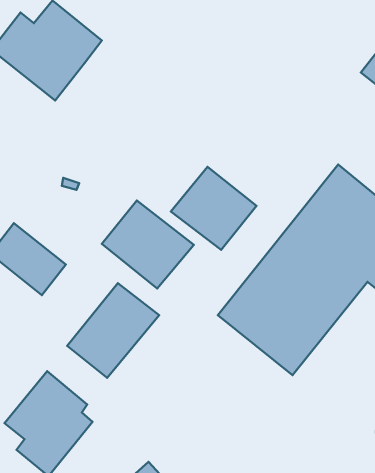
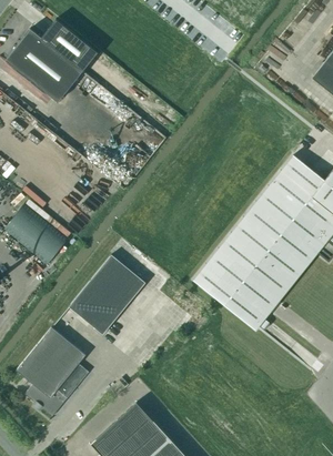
building: [171,167,257,250] -> none
building: [102,201,194,288] -> none

